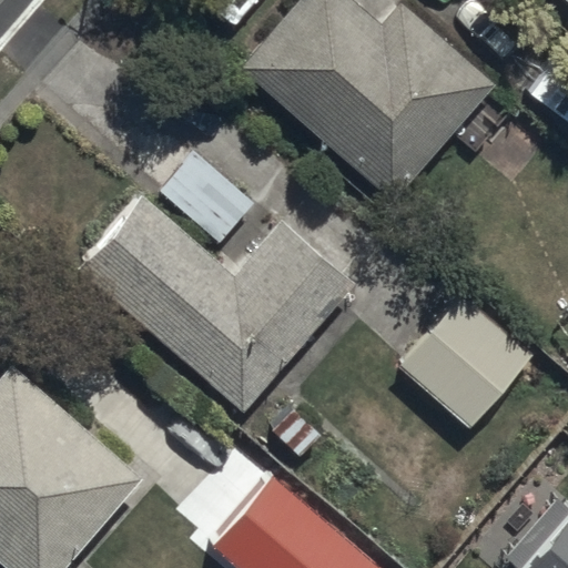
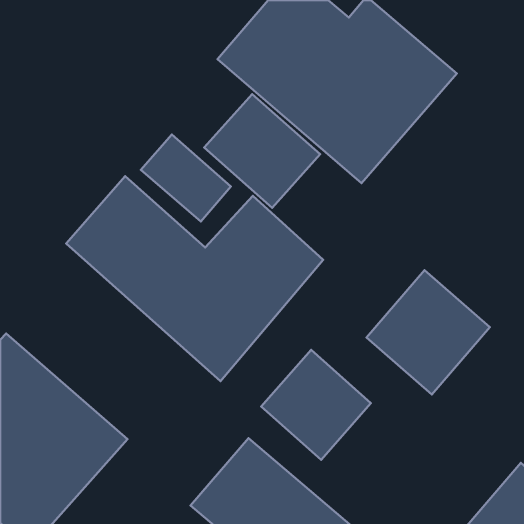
building: none -> [204,94,320,208]
building: none -> [261,350,371,460]

